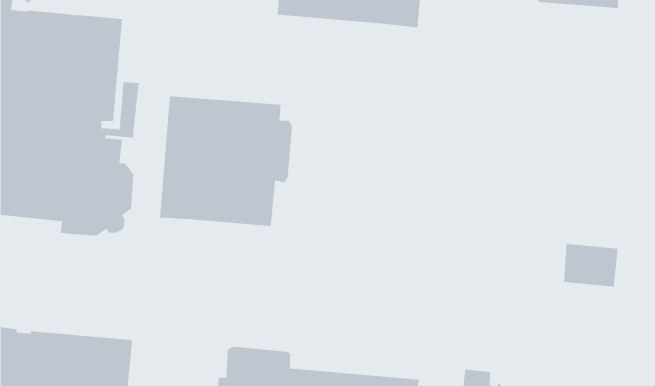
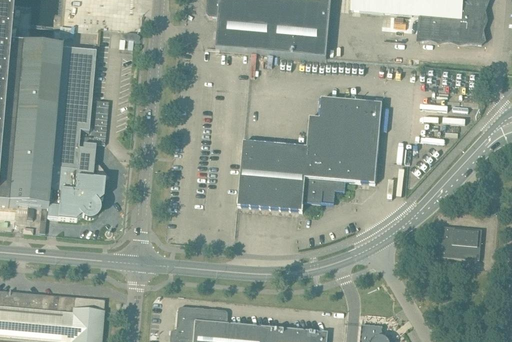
building: none -> [238,97,382,210]
building: [160,96,292,227] -> none

